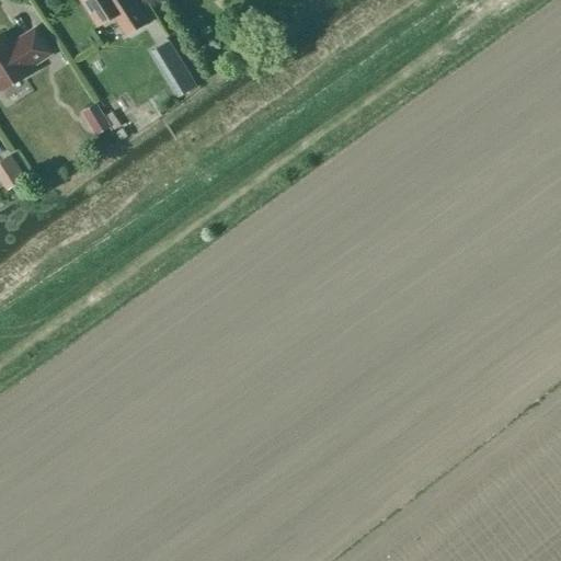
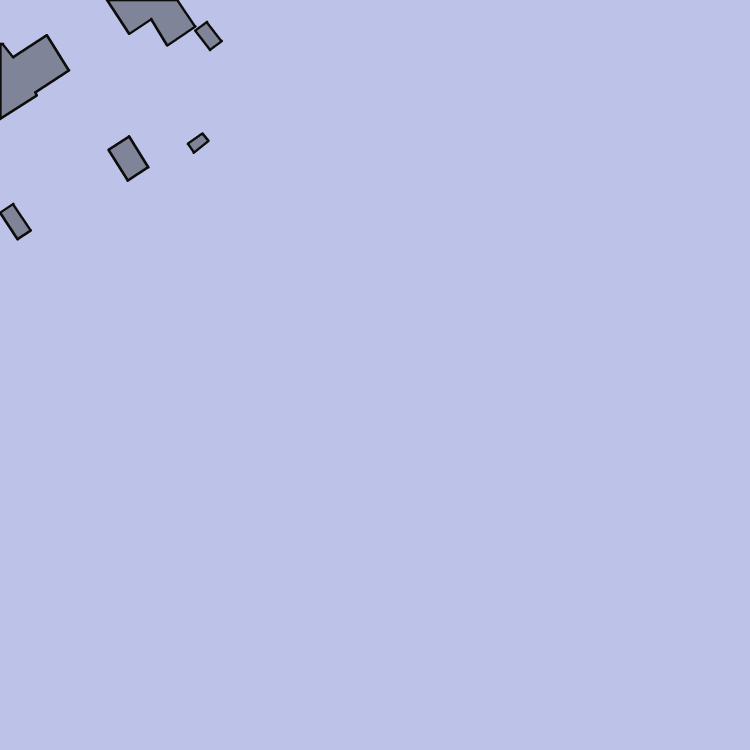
building: [149,42,195,98] -> none

